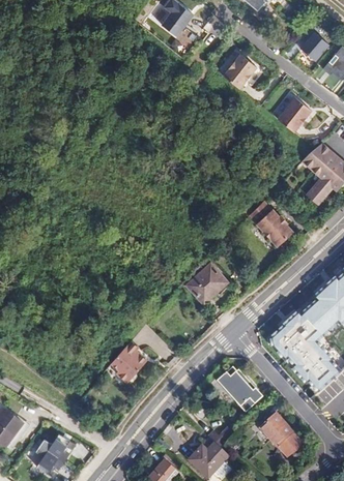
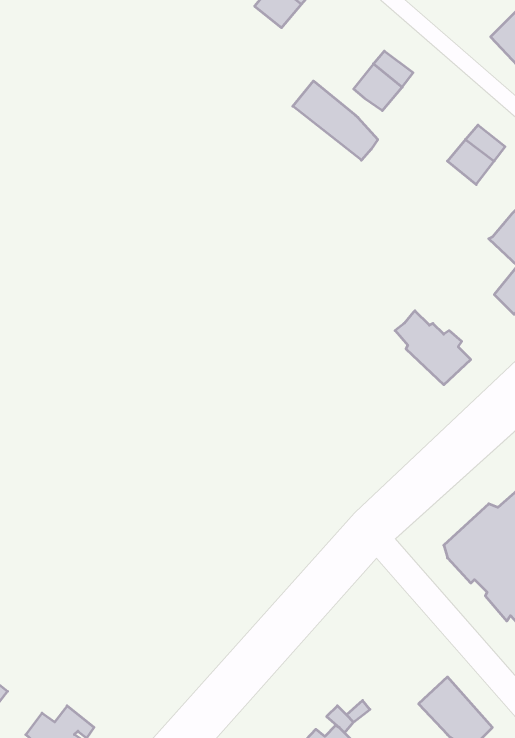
building: none -> [293,81,378,160]
building: [185,264,226,304] -> none
building: [108,339,144,381] -> none
building: [218,367,259,409] -> none

